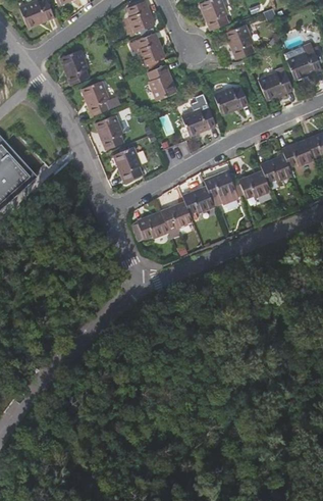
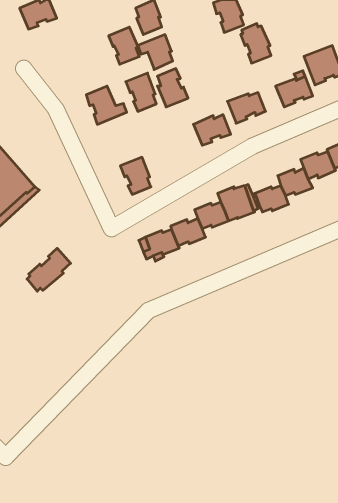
building: [60,50,89,85] -> [109,27,139,64]
building: [95,114,123,150] -> [126,73,156,111]
building: none -> [27,248,71,291]

